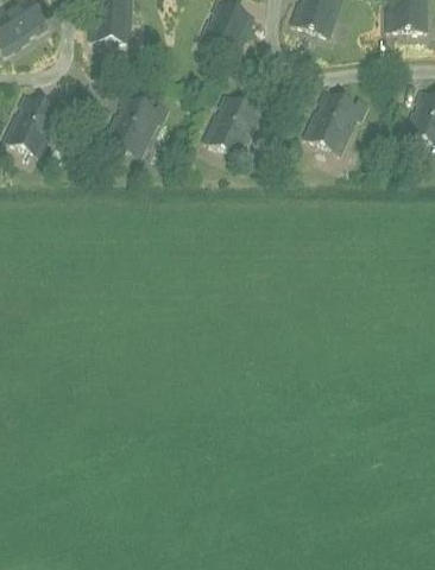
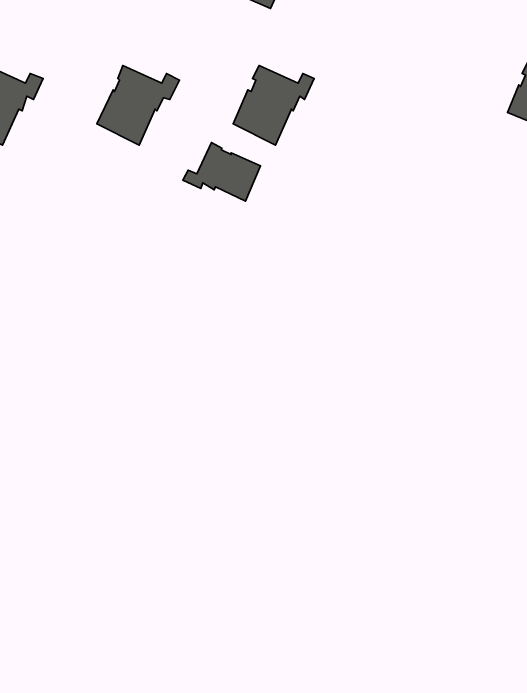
building: [307,93,367,150] -> none
building: none -> [183,142,260,201]

